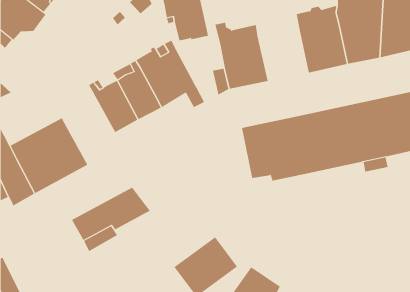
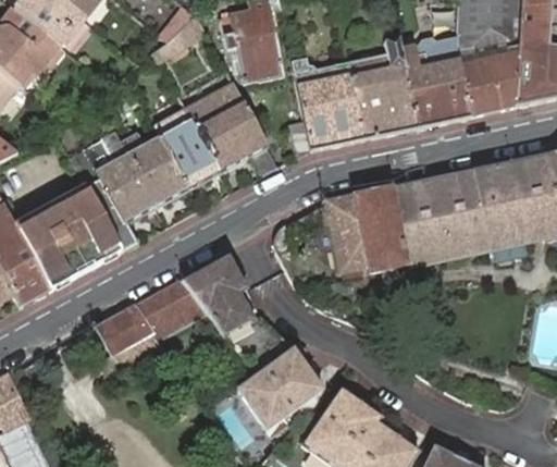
building: none -> [348,36,418,136]
building: none -> [90,130,157,249]
building: none -> [181,254,281,358]

